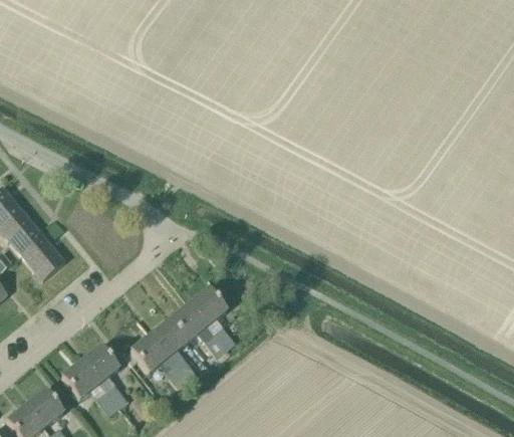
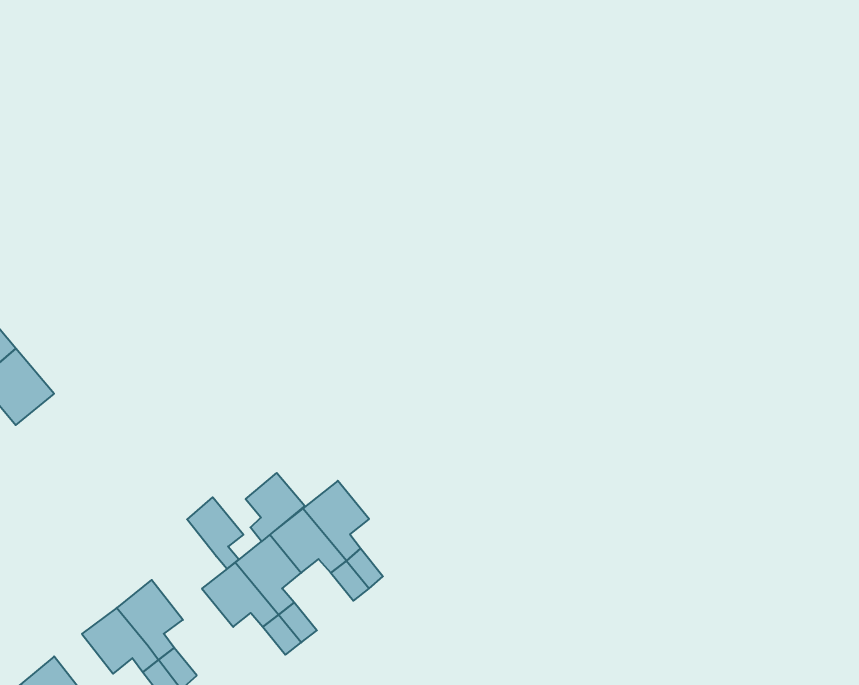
building: [22,237,64,279] -> none
building: none -> [246,473,305,541]
building: none -> [187,497,243,569]

